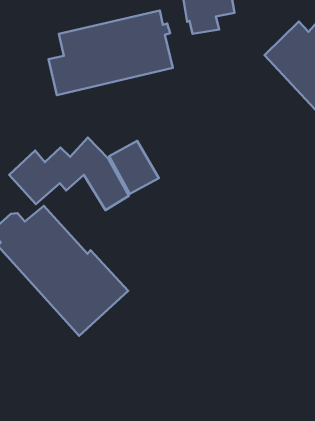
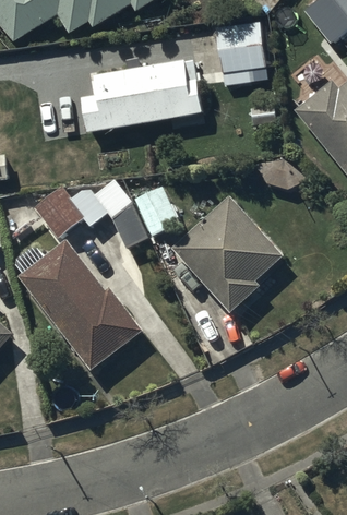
building: none -> [170,195,284,313]

